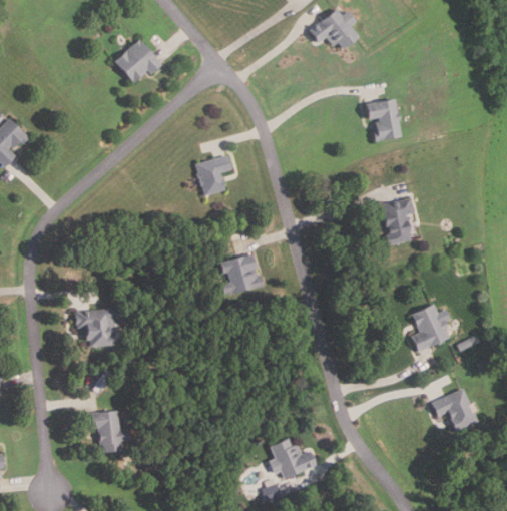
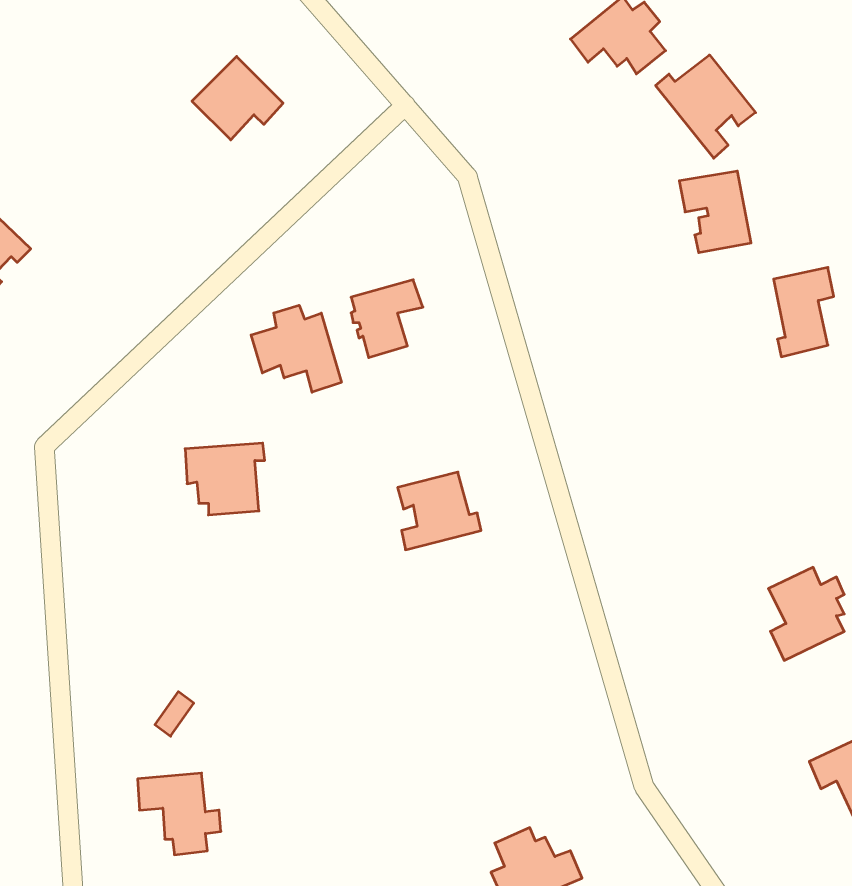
building: none -> [656,55,756,158]
building: none -> [251,305,341,392]
building: [383,199,414,245] -> [774,267,834,357]
building: [77,309,118,346] -> [185,443,265,515]

